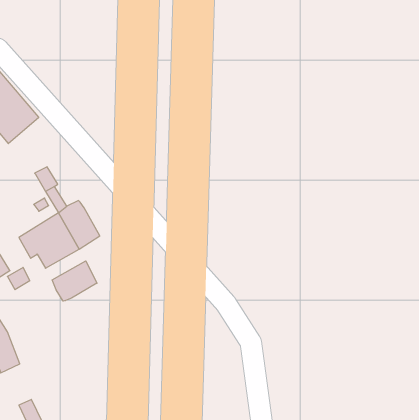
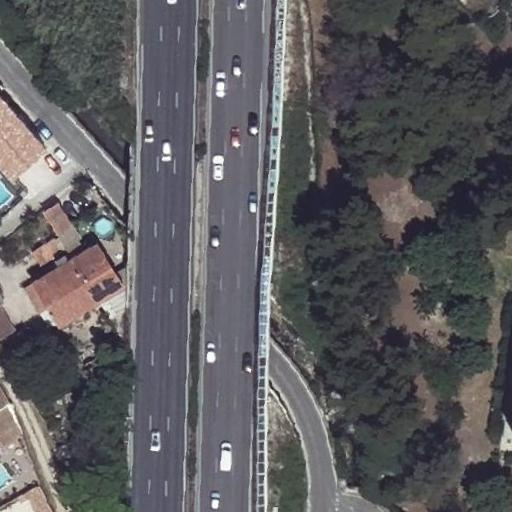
building: [52,261,97,301] -> none

